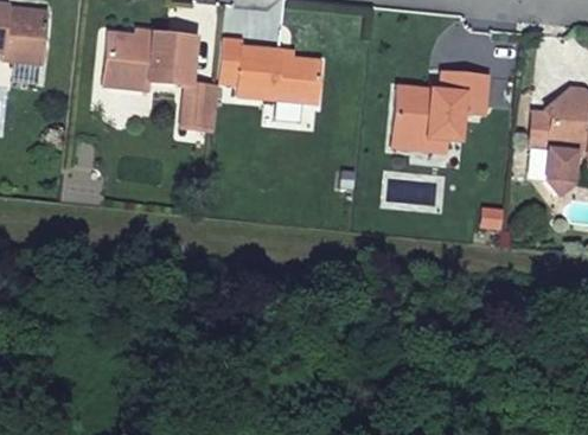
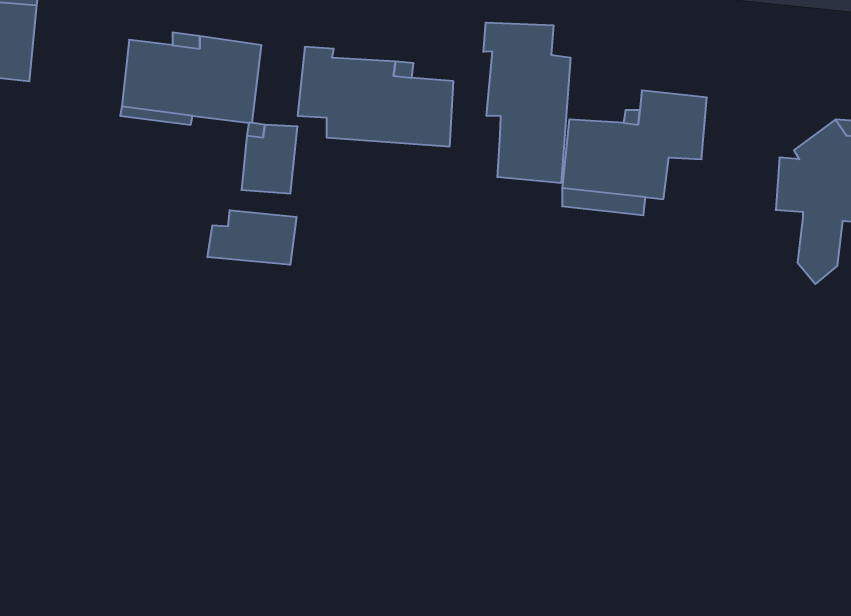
building: none -> [483,22,570,183]
building: none -> [208,210,296,265]

